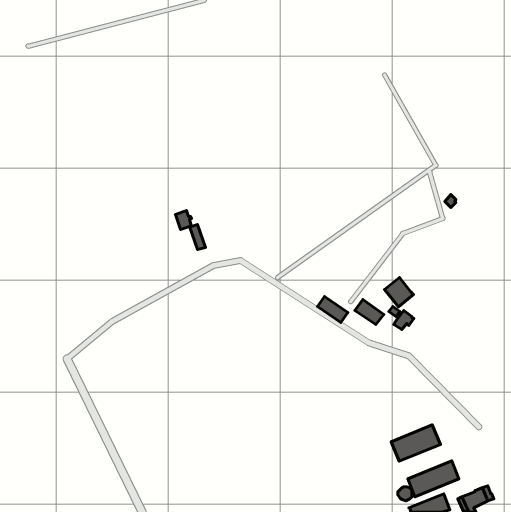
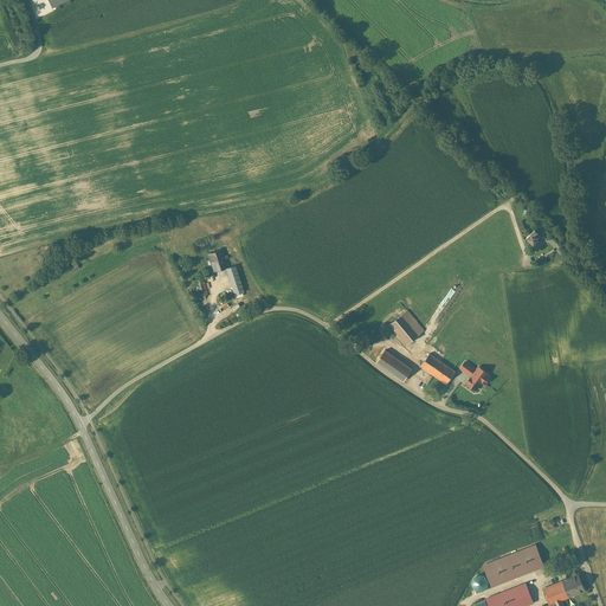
building: [384,278,413,307] -> [388,310,423,344]
building: [391,425,440,461] -> none

